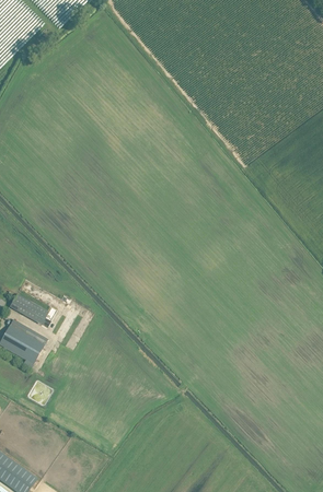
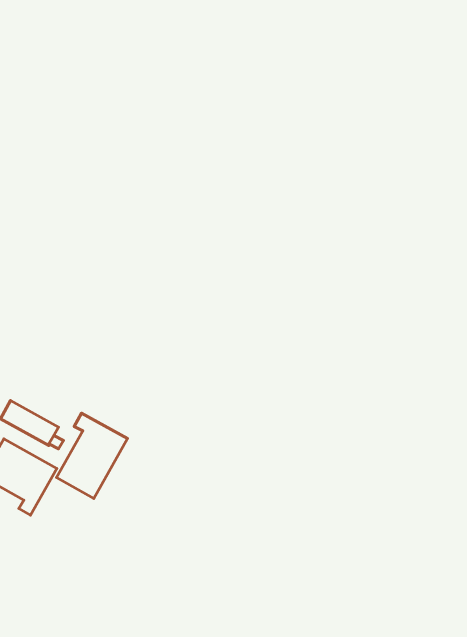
building: none -> [56,413,127,498]

